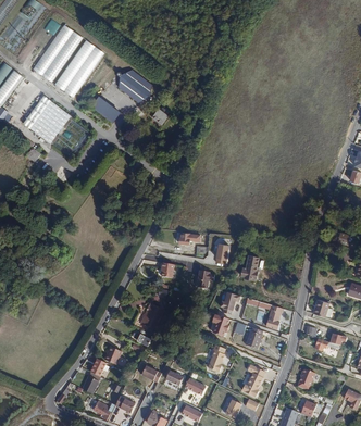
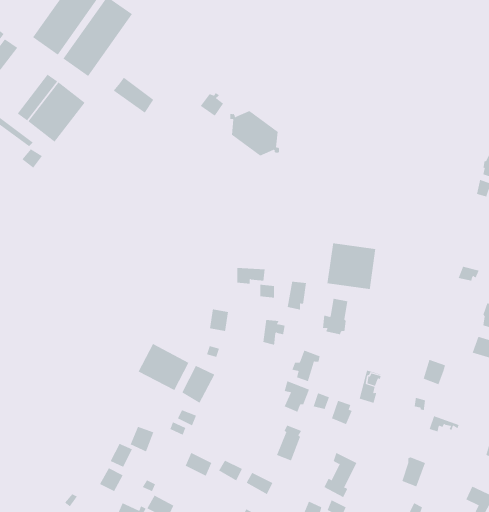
building: [117,70,153,102] -> [230,110,280,156]
building: none -> [327,242,376,290]
building: none -> [138,343,189,391]

